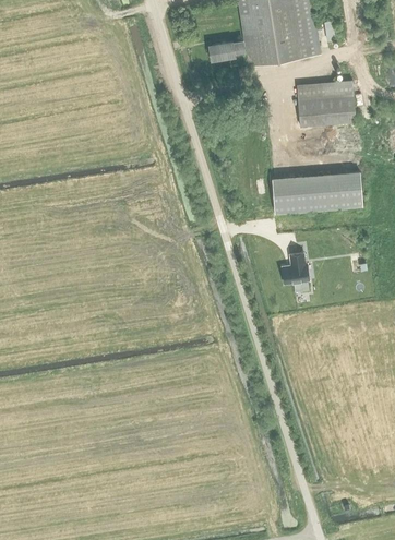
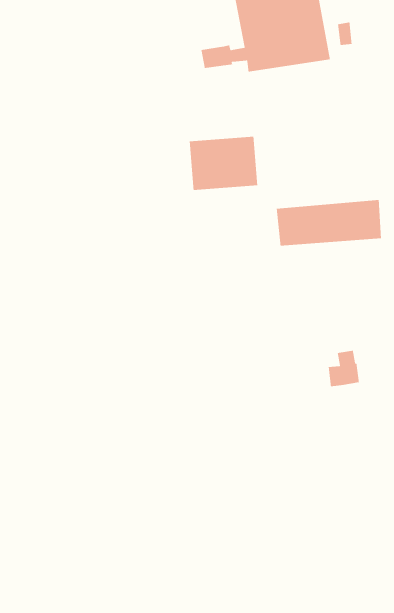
building: [296,80,355,127] -> [189,136,258,191]
building: [282,253,309,285] -> [328,350,360,387]

